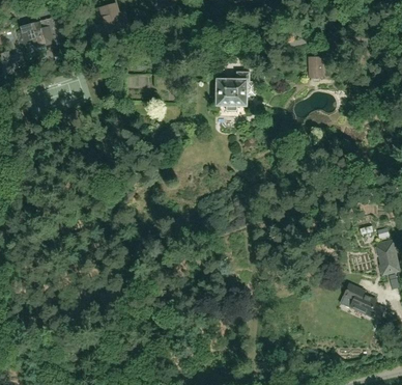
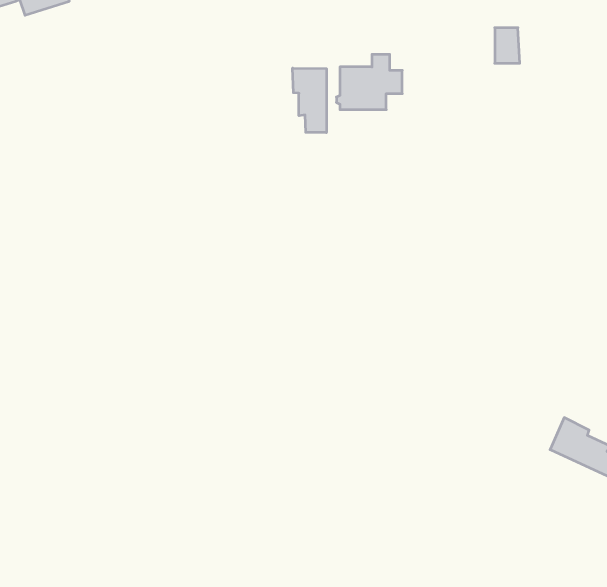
building: none -> [293,68,326,133]

